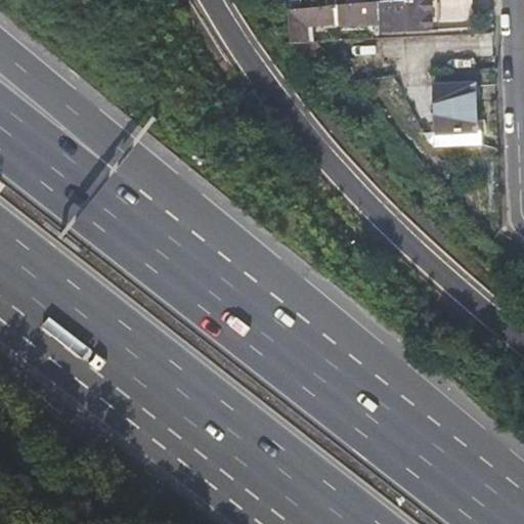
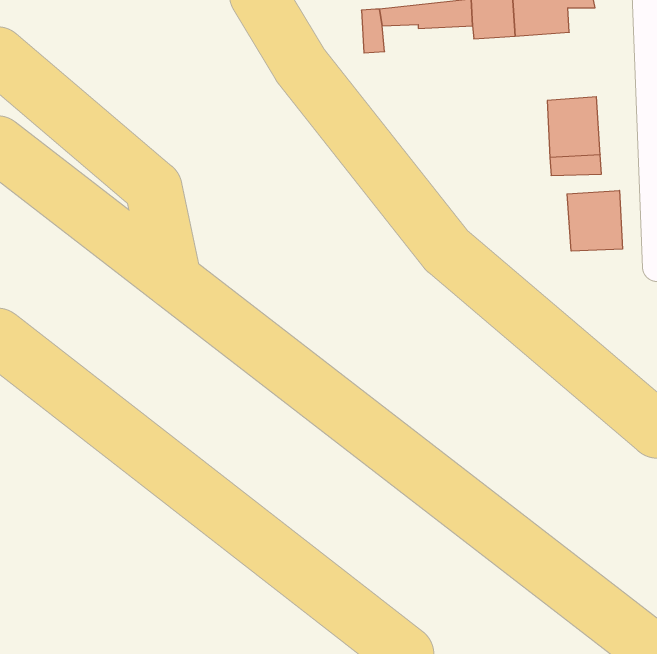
building: none -> [567,190,622,251]

